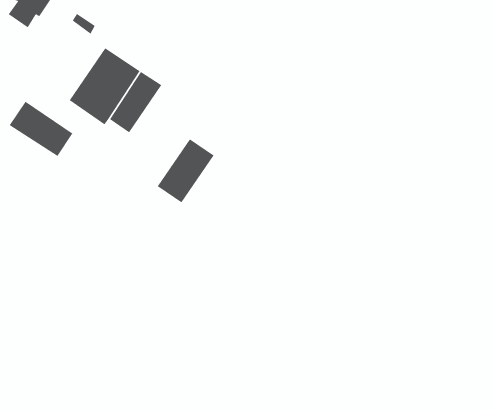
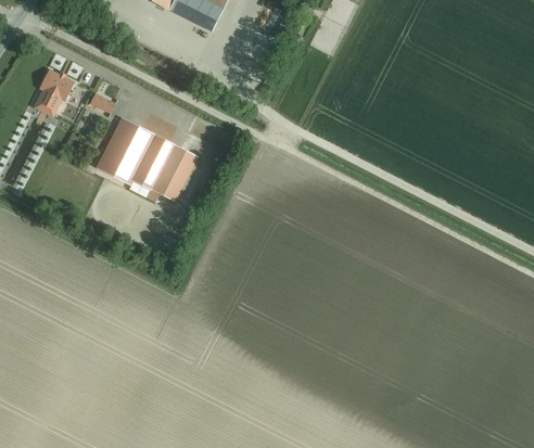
building: [9,101,73,157] -> none
building: [157,138,215,203] -> [151,145,196,201]

